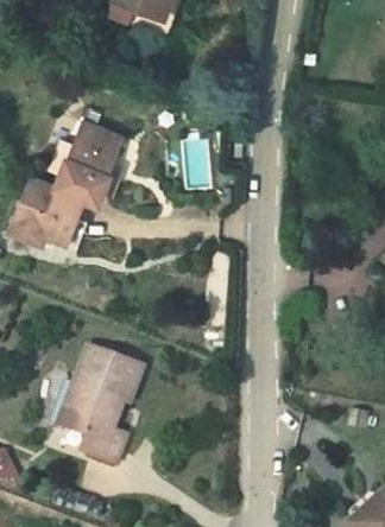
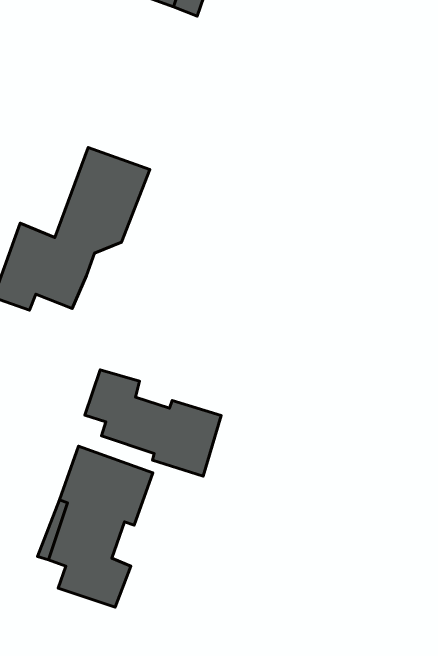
building: none -> [85,370,221,476]

